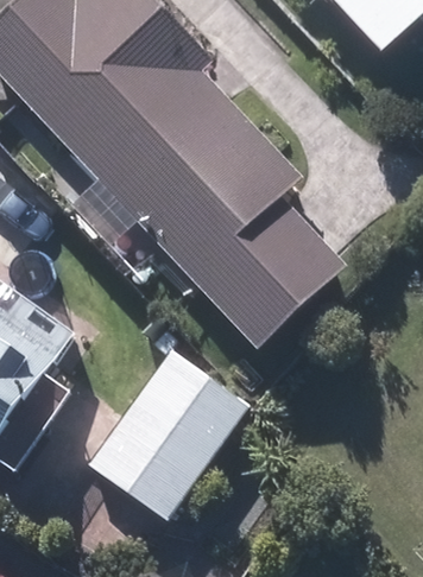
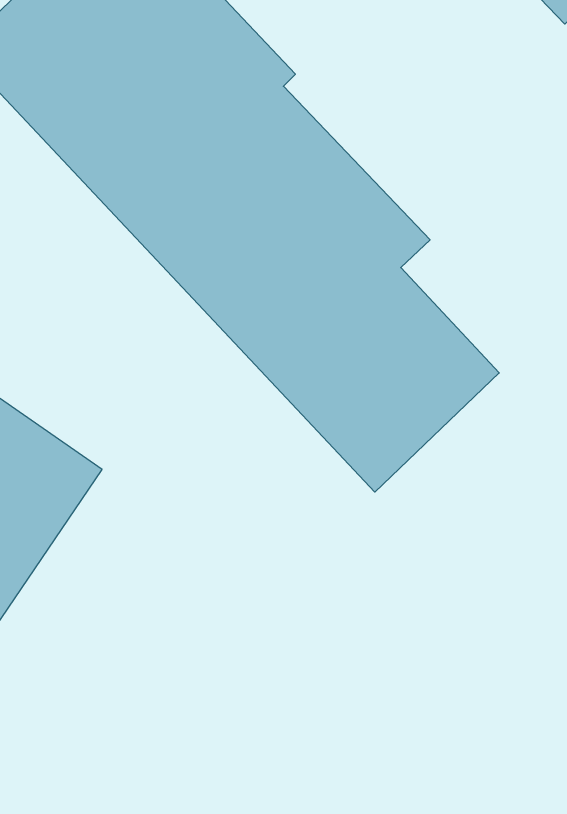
building: [88,354,244,519] -> none

